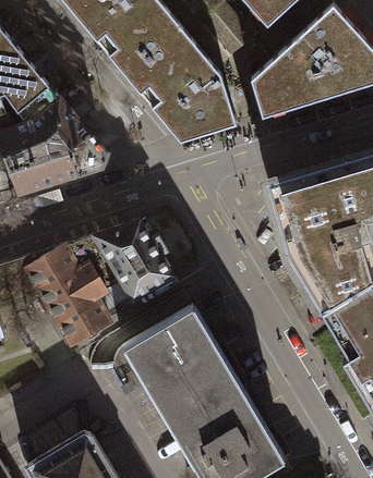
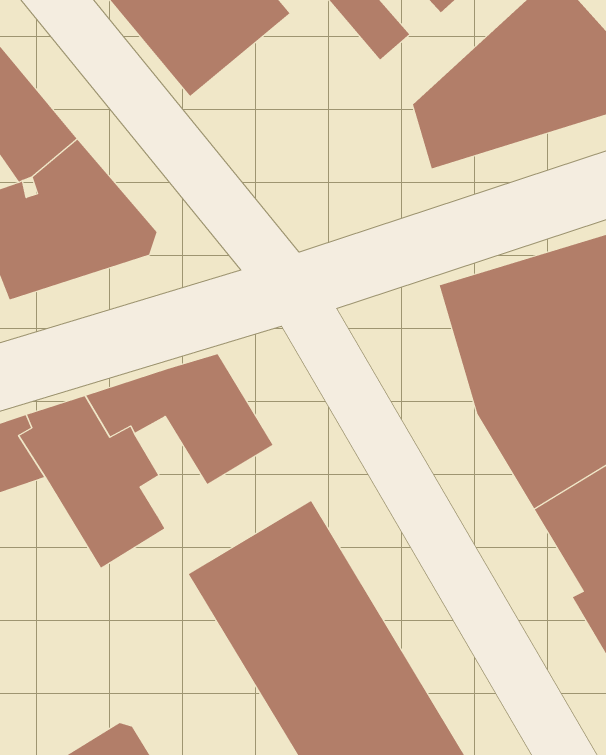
building: [124,28,237,144] -> none
building: [93,259,134,316] -> none

